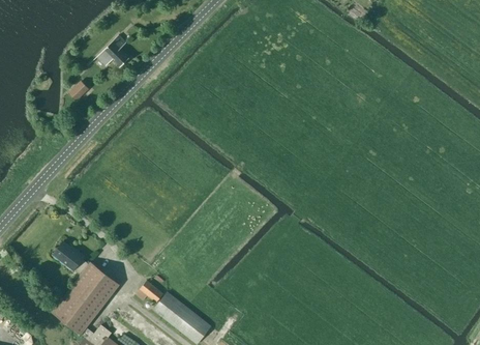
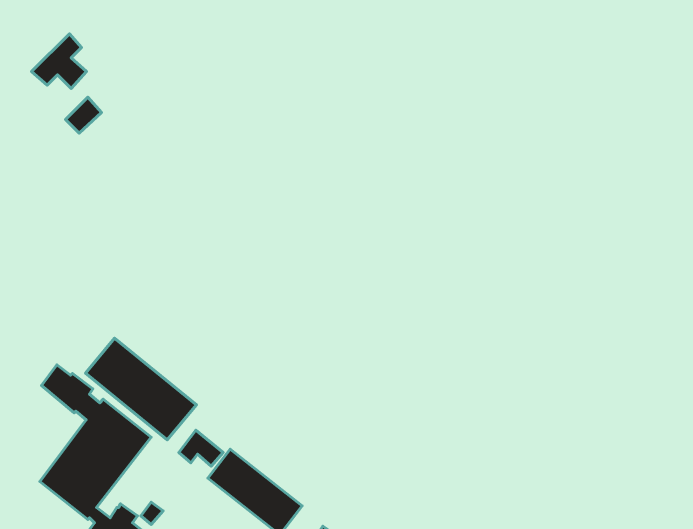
building: [96,35,129,68] -> [32,34,87,89]
building: none -> [85,338,196,440]

